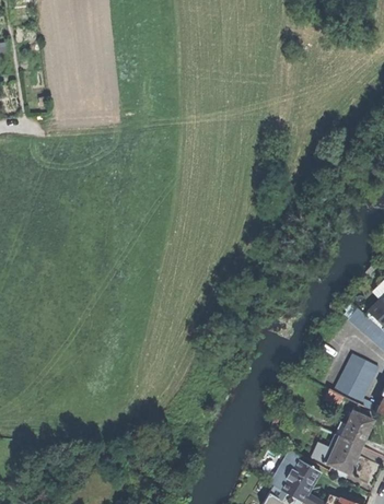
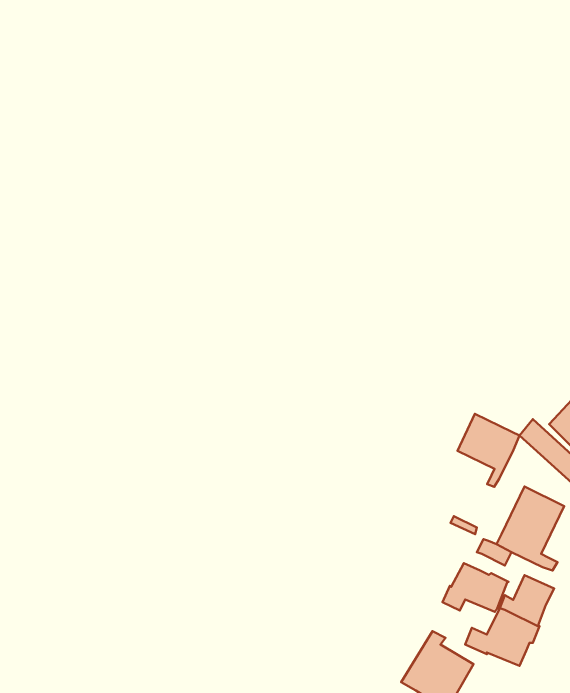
building: none -> [457,414,520,487]
building: none -> [443,563,508,612]

